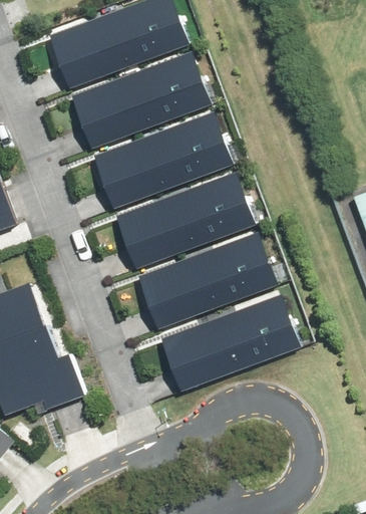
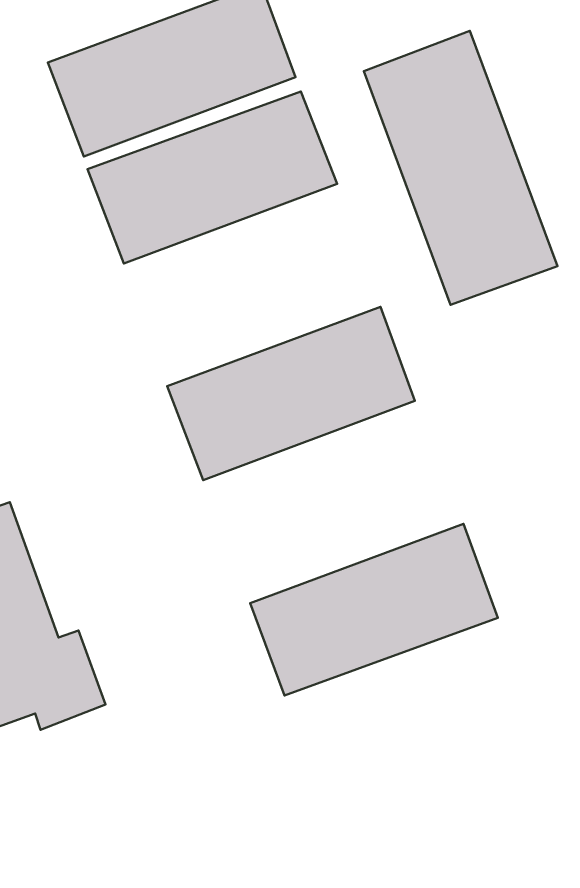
building: none -> [364,31,558,305]
building: [94,113,233,209] -> none
building: [139,234,276,327] -> none

